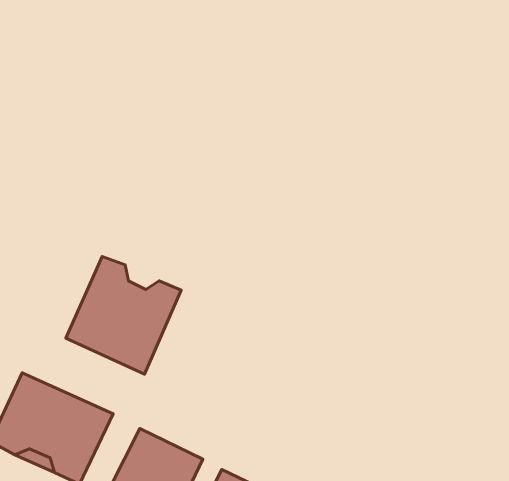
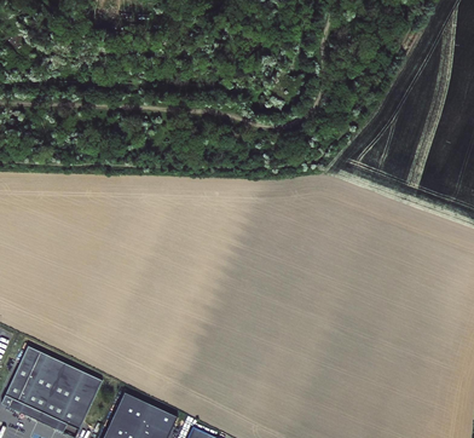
building: [66,257,181,374] -> none

